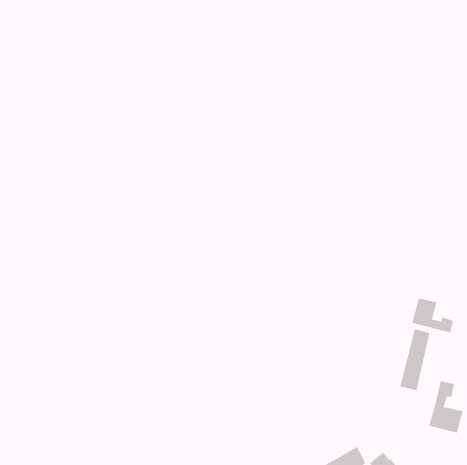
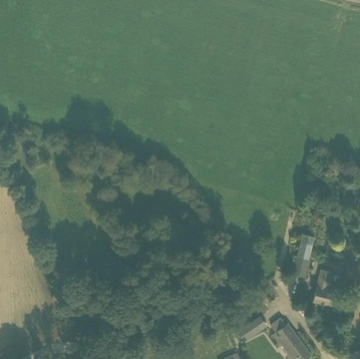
building: [412,297,454,333] -> none

